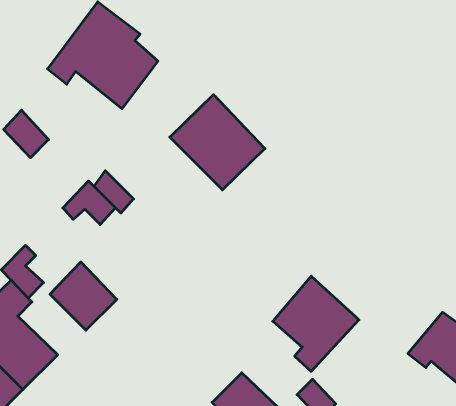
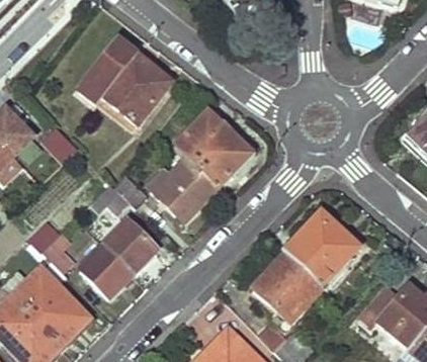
building: none -> [151,161,216,222]
building: none -> [282,213,358,288]
building: none -> [104,221,156,274]

